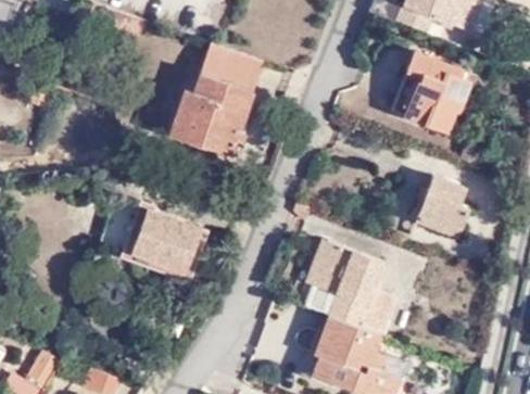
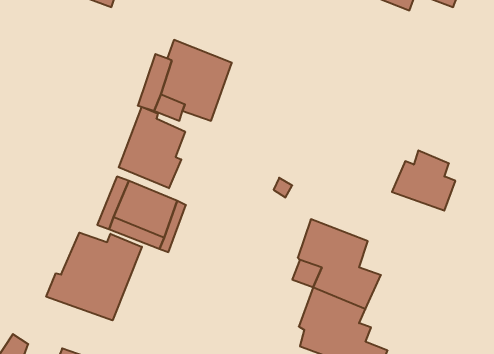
building: [193,38,262,92] -> none
building: [406,60,474,142] -> none
building: none -> [119,107,185,188]
building: none -> [46,233,142,320]

